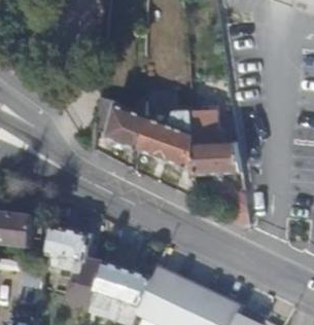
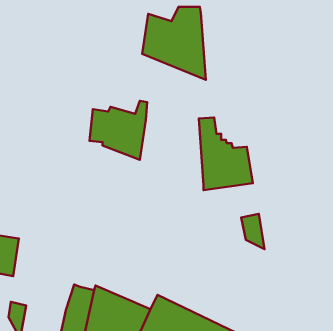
building: [142,107,198,171] -> [142,7,206,80]
building: [46,223,93,280] -> none

